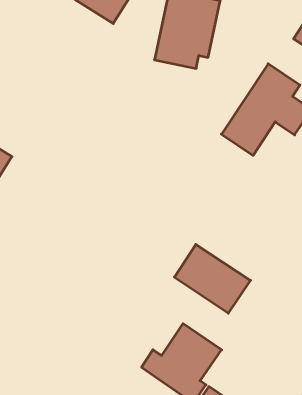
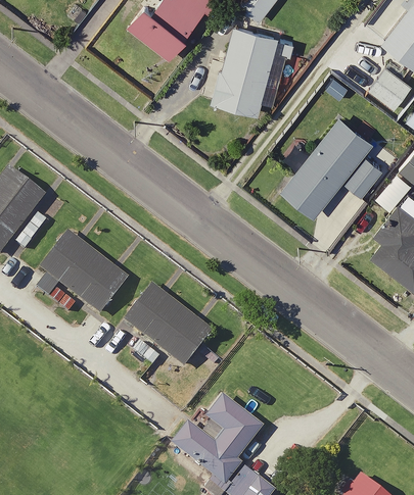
building: none -> [42,233,129,313]
building: [174,244,251,313] -> [127,286,212,365]

